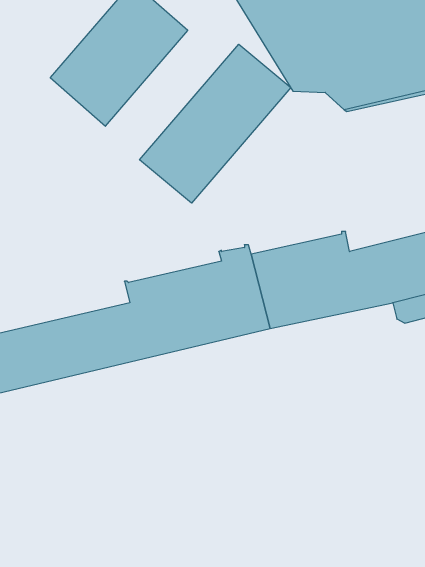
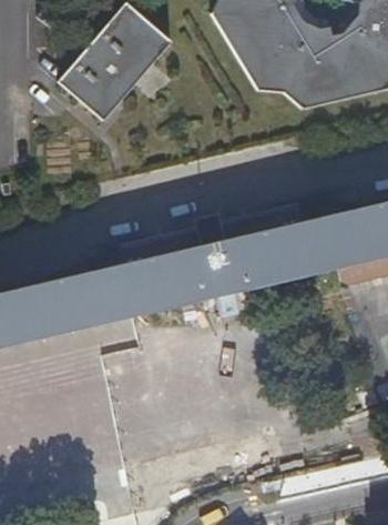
building: [140,44,291,203] -> none

